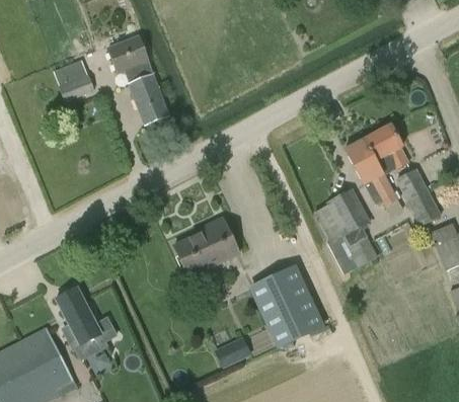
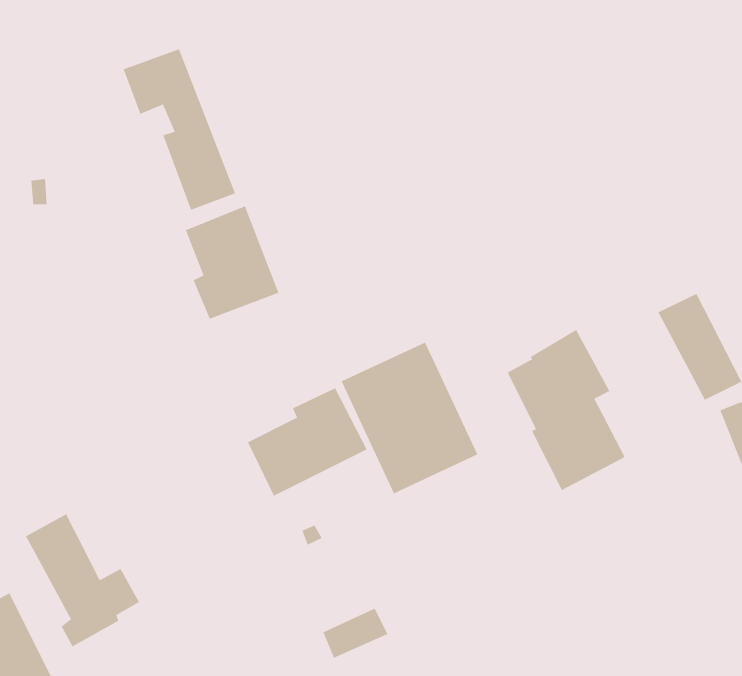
building: [53,58,94,101] -> none
building: none -> [185,206,279,319]
building: [345,124,407,205] -> none
building: [249,265,323,347] -> [341,342,478,494]

